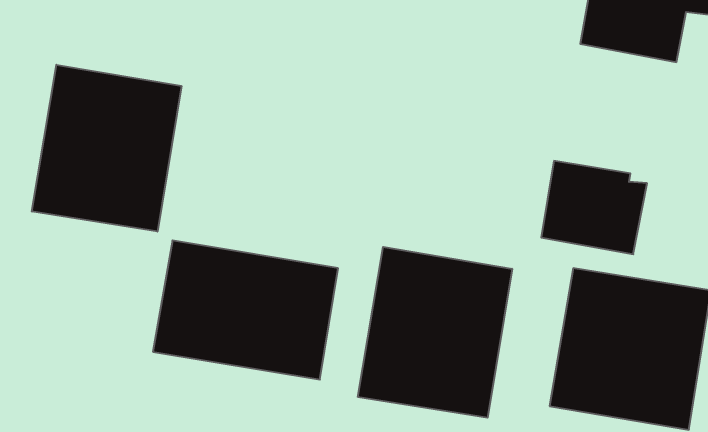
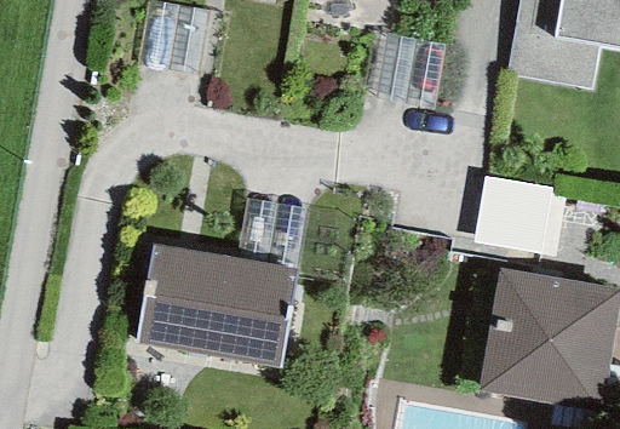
building: [32,65,181,232] -> none
building: [358,247,512,418] -> none

